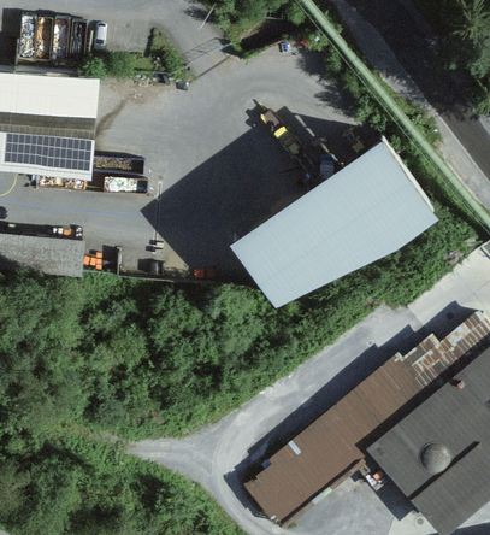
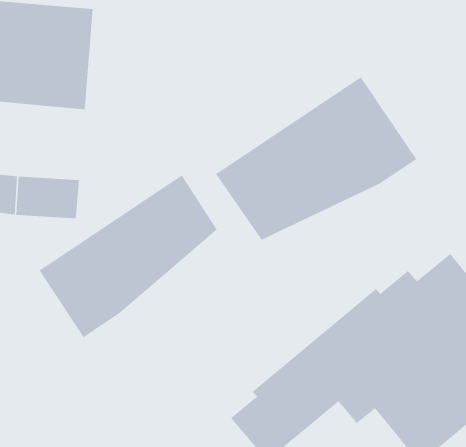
building: none -> [39,175,218,338]

